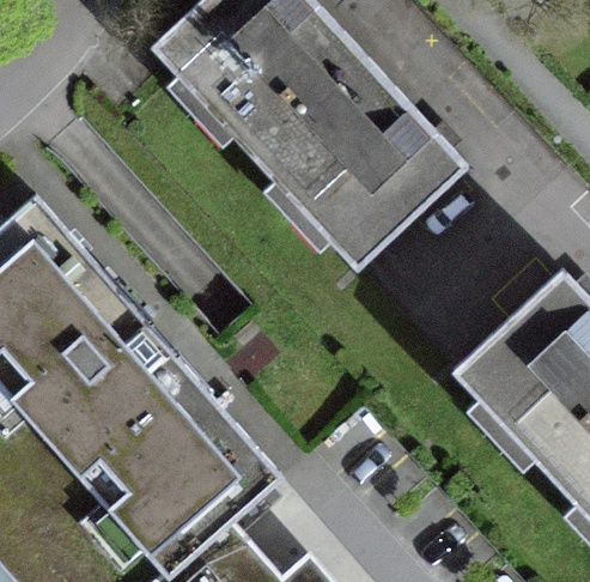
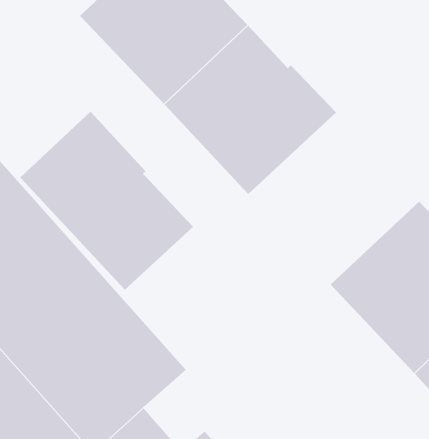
building: none -> [19,111,194,290]

